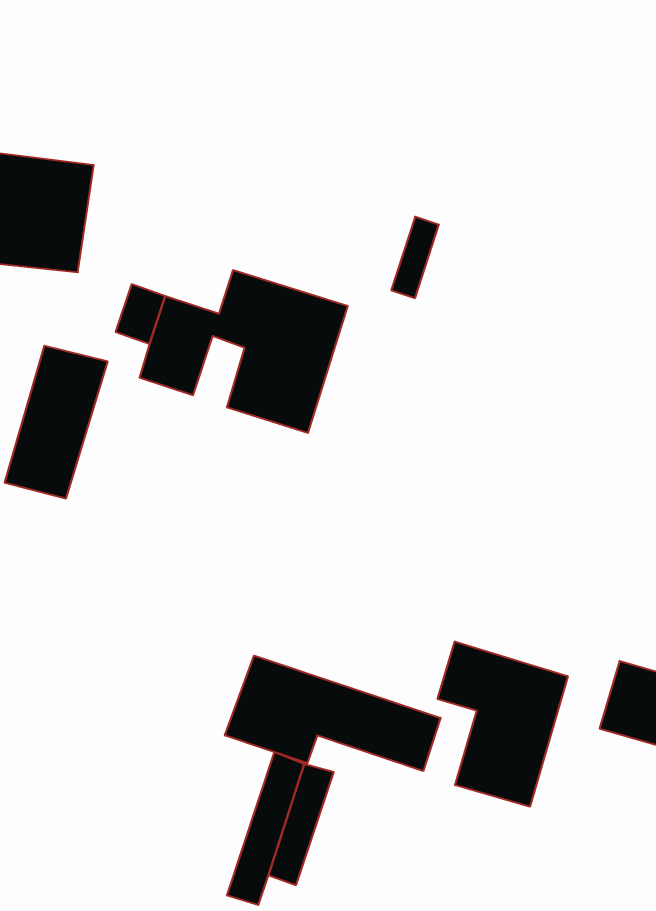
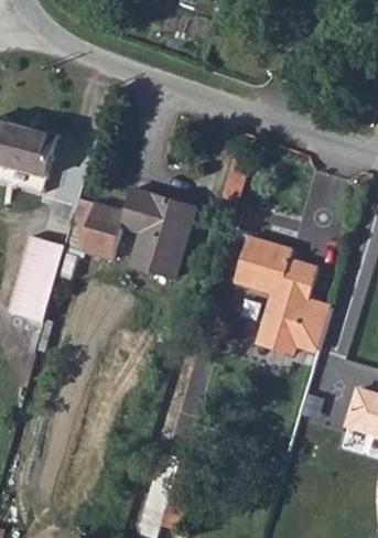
building: none -> [239,233,333,348]
building: [438,641,568,807] -> none
building: [225,656,441,771] -> none

